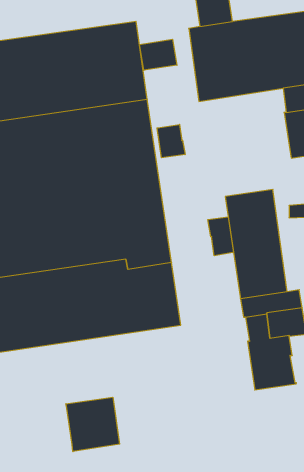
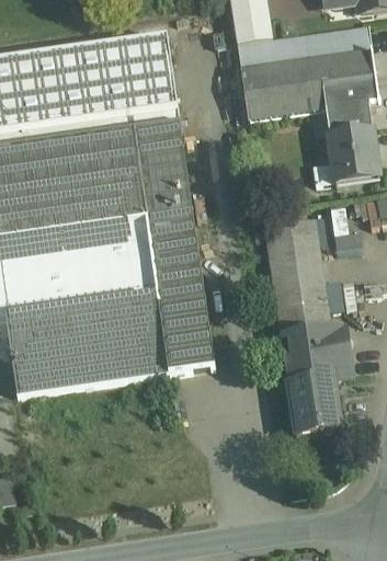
building: [139,39,177,70] -> none
building: [157,124,185,158] -> none
building: [208,217,234,256] -> none
building: [66,397,120,452] -> none

